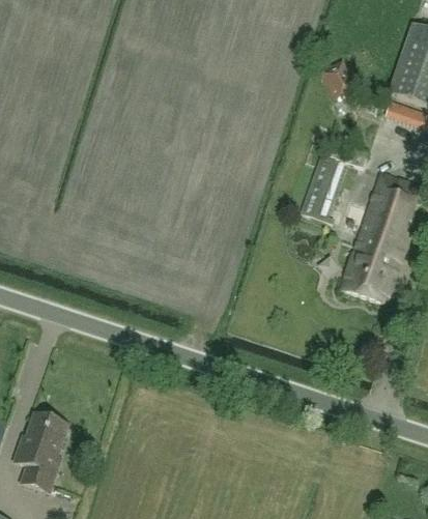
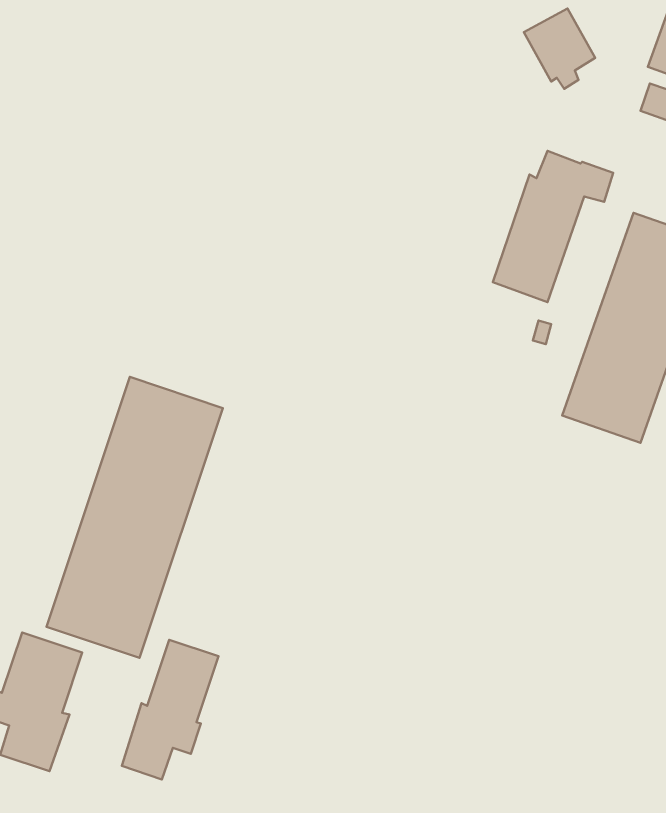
building: none -> [47,377,223,658]
building: none -> [122,640,218,779]

